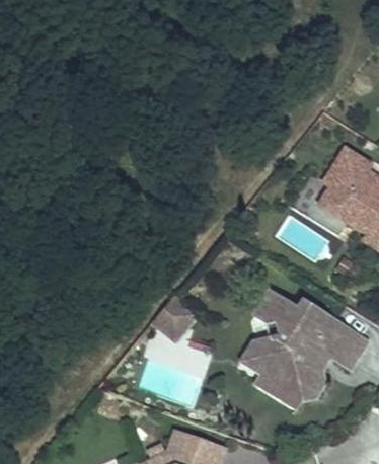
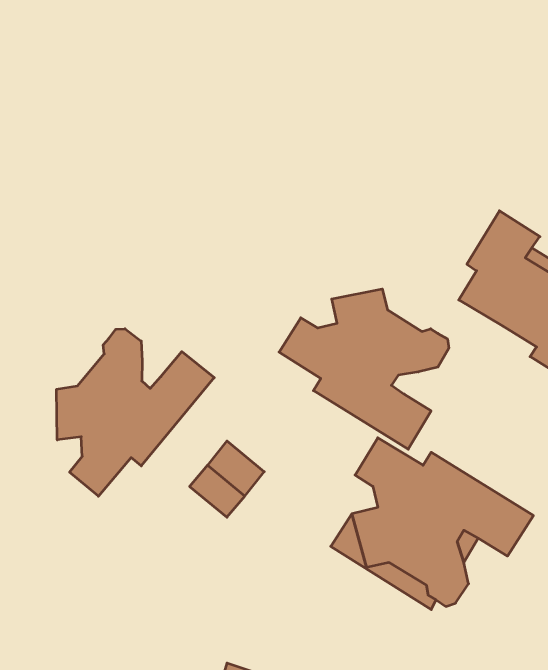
building: none -> [279,289,449,449]
building: none -> [57,329,214,496]

